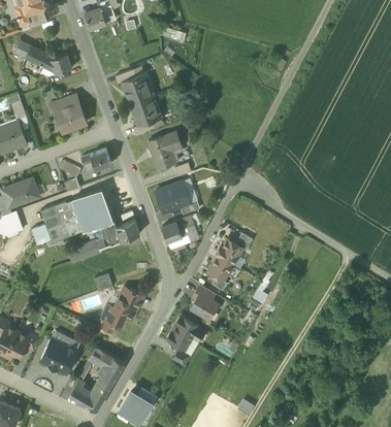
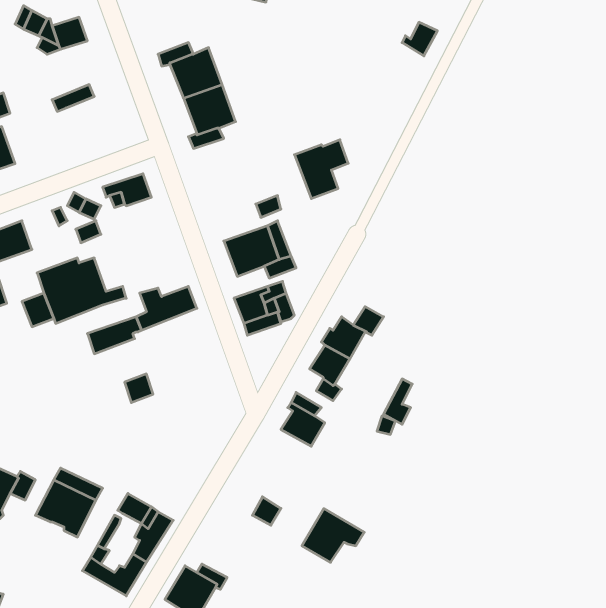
building: [58,103,87,131] -> none
building: [148,133,181,169] -> [294,140,348,199]
building: [74,193,115,227] -> none
building: [100,290,142,332] -> none
building: [166,317,204,350] -> [302,509,364,562]

